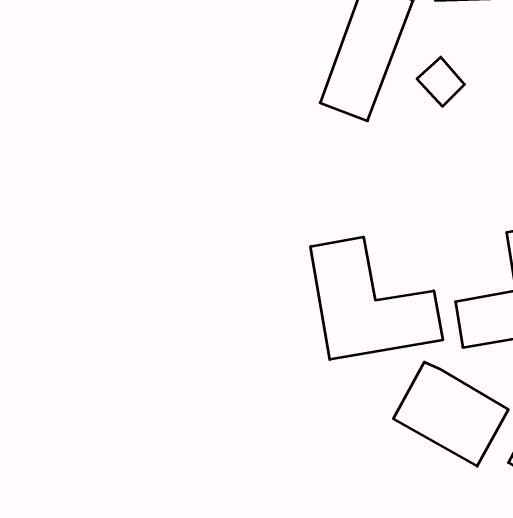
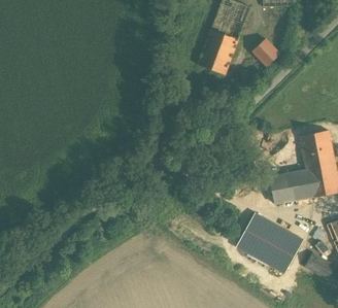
building: [311,237,443,360] -> none

